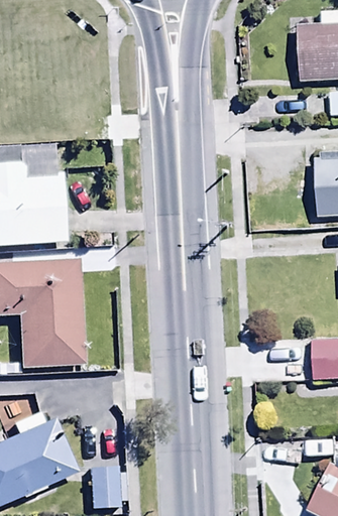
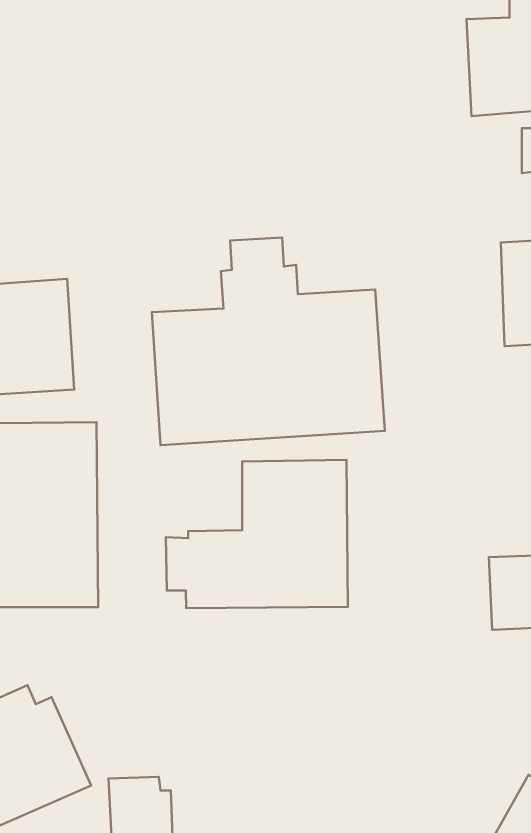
building: none -> [152,238,385,445]
building: none -> [166,460,348,608]

